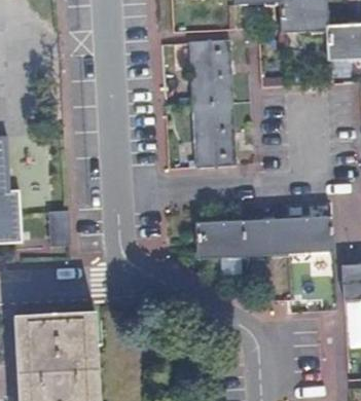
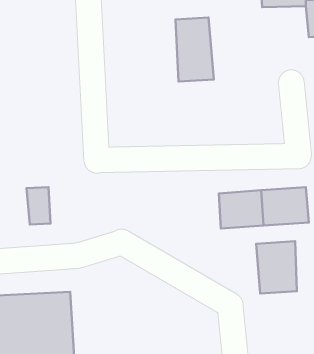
building: [200,103,239,168] -> none
building: [195,216,242,254] -> none
building: none -> [256,241,297,294]

